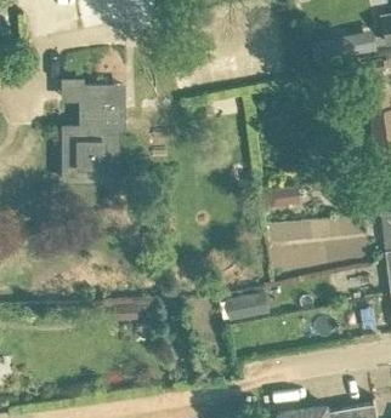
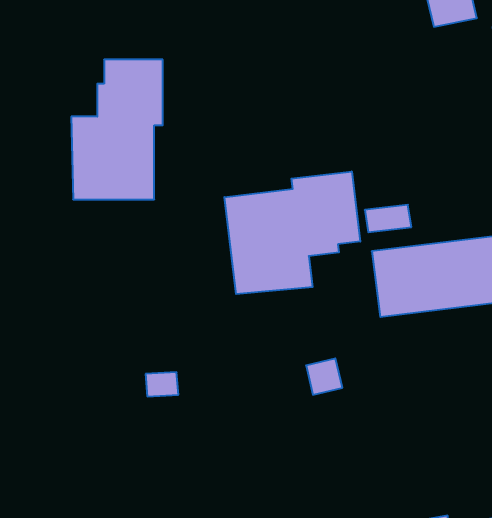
building: none -> [224,171,360,294]

